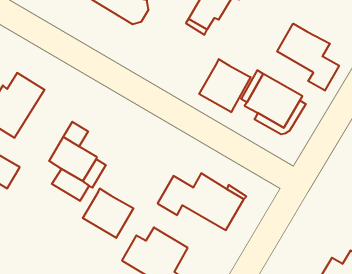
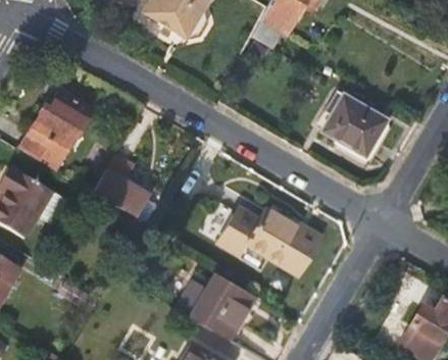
building: [277,24,339,91] -> none
building: [199,59,251,112] -> none
building: [83,188,133,238] -> none

